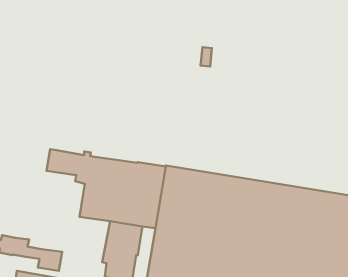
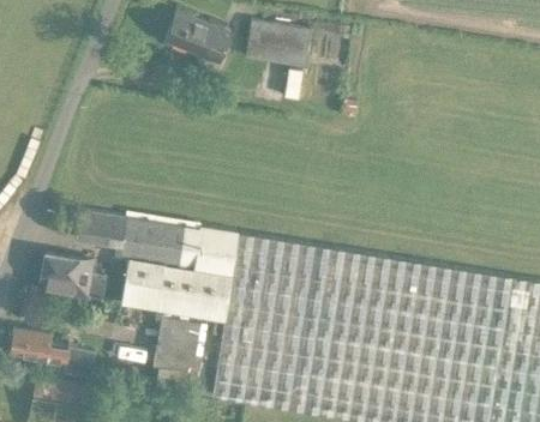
building: none -> [163,12,230,64]
building: none -> [245,22,310,68]
building: none -> [40,255,106,301]

